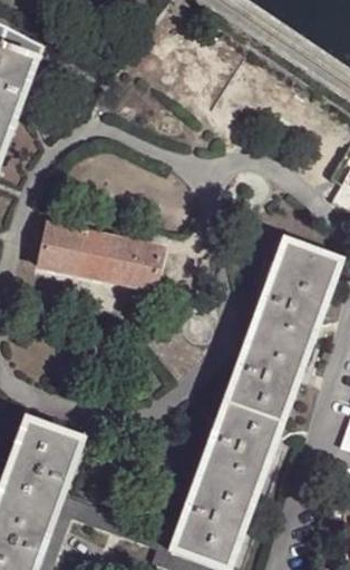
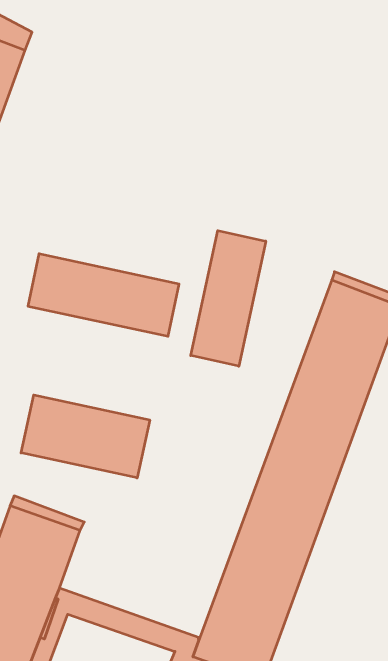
building: none -> [191,231,266,366]
building: none -> [21,395,150,478]

